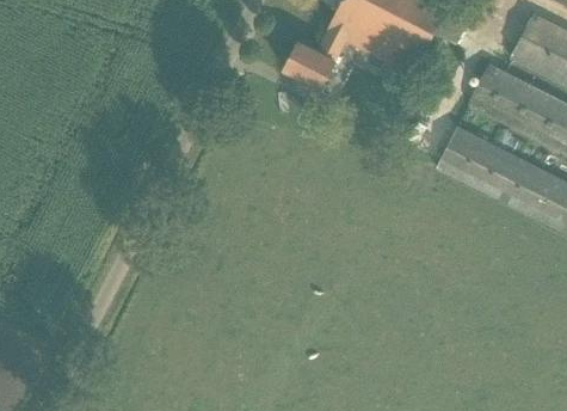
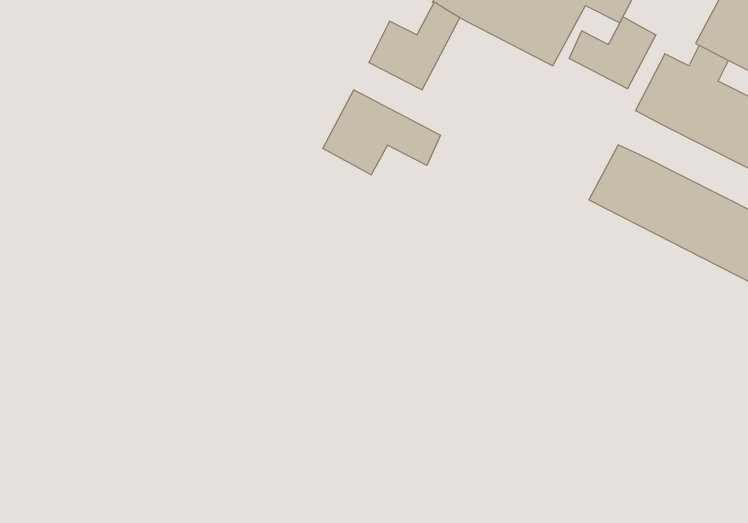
building: none -> [569,17,656,89]
building: none -> [323,90,440,175]

